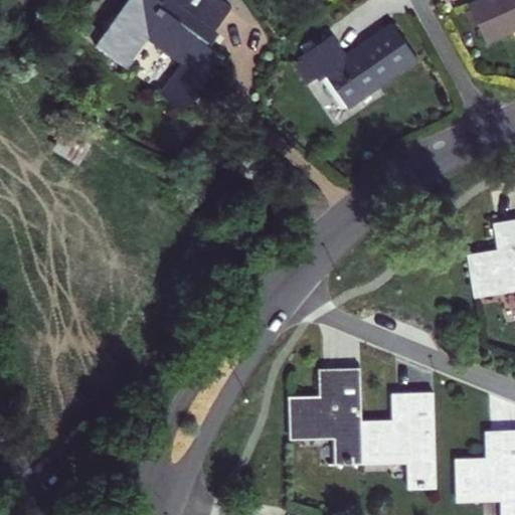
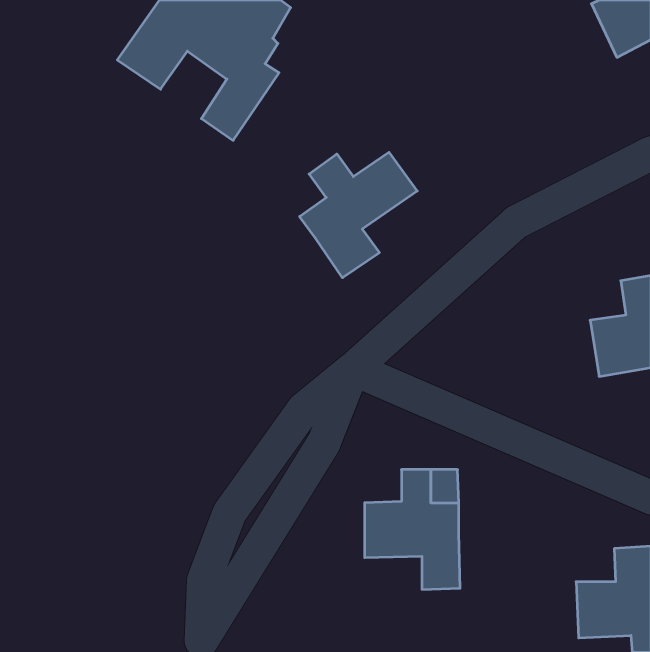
building: [292,22,418,110] -> none
building: none -> [300,152,417,278]
building: [363,390,435,490] -> none

